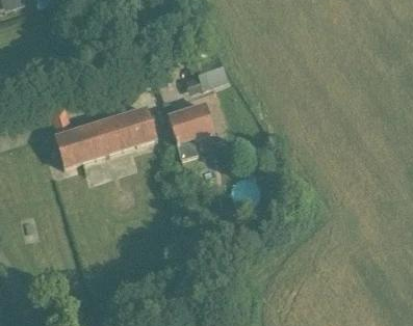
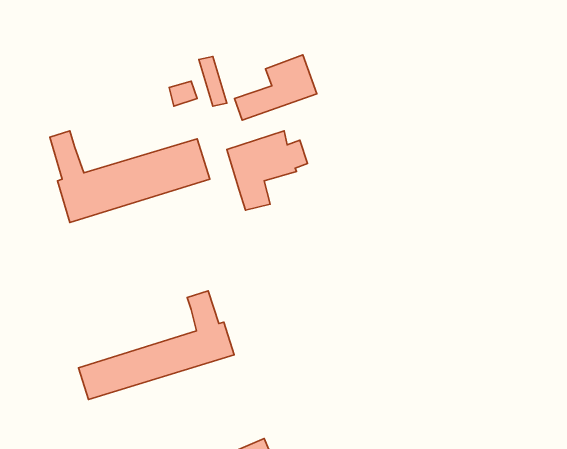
building: none -> [79,291,234,399]

